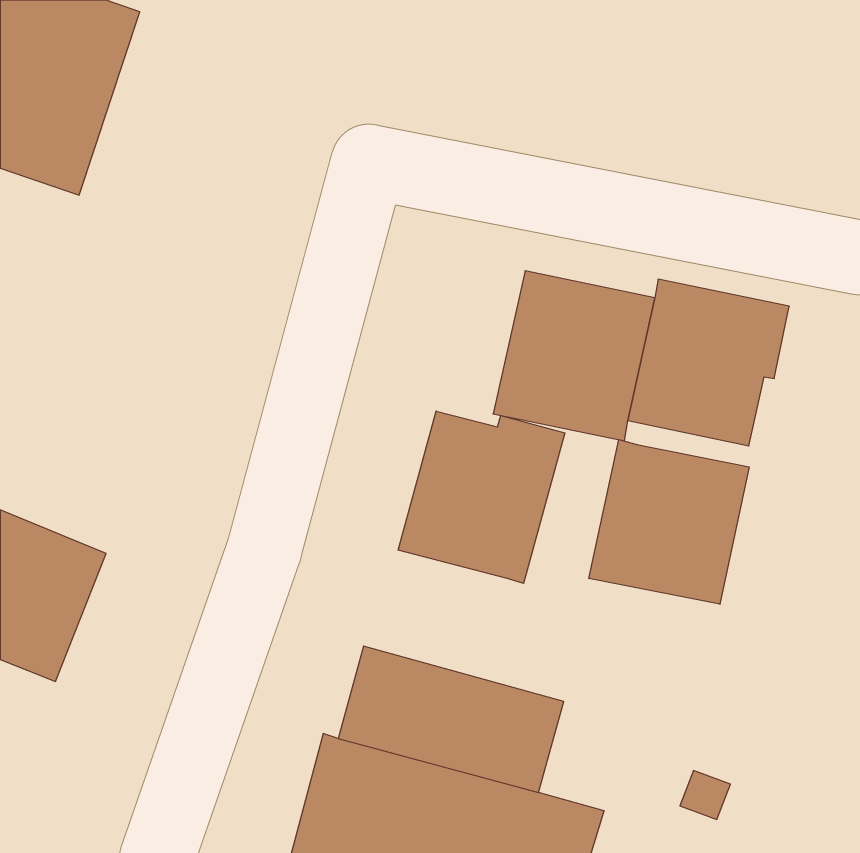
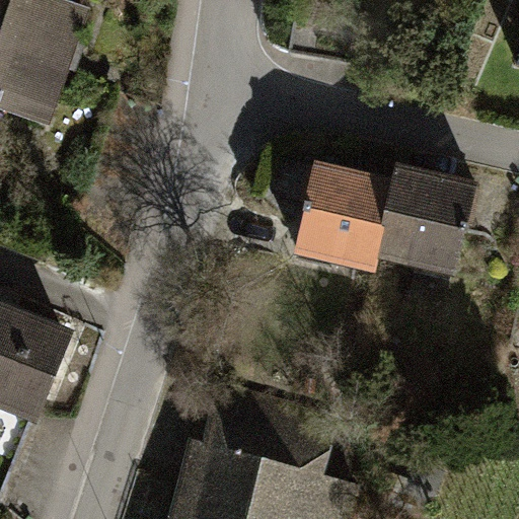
building: [398,411,565,583] -> none
building: [589,440,749,604] -> none

